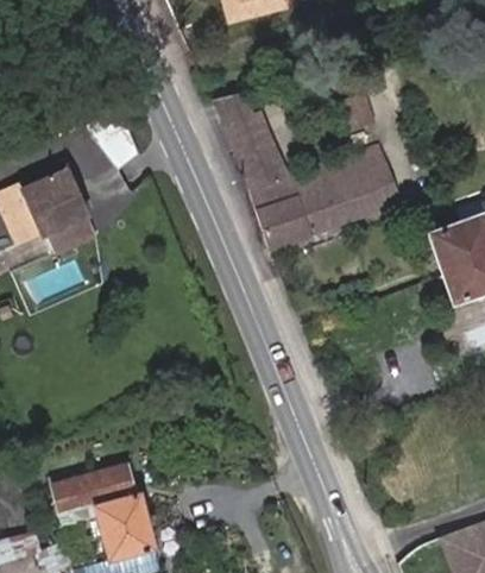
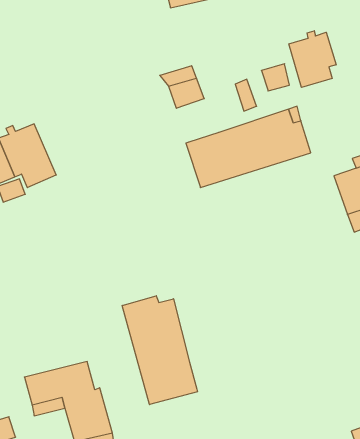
building: none -> [289,31,336,87]
building: [237,138,289,191] -> none
building: none -> [122,296,198,405]

